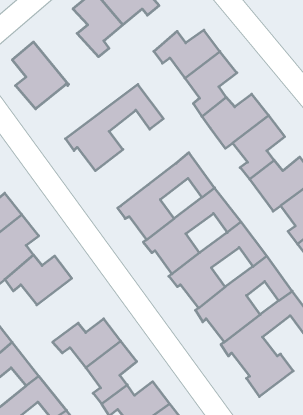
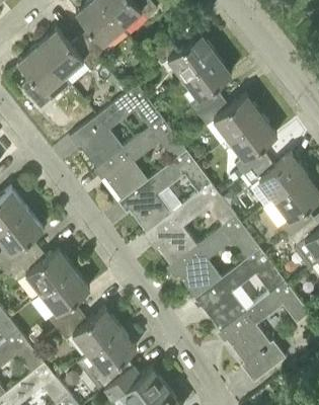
building: none -> [38,28,100,85]
building: none -> [94,117,186,200]
building: none -> [42,269,90,330]

